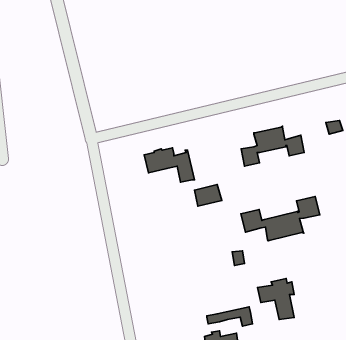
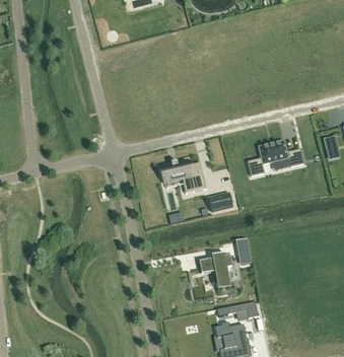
building: [241,197,320,241] -> none
building: [258,278,294,320] -> [198,252,230,288]

